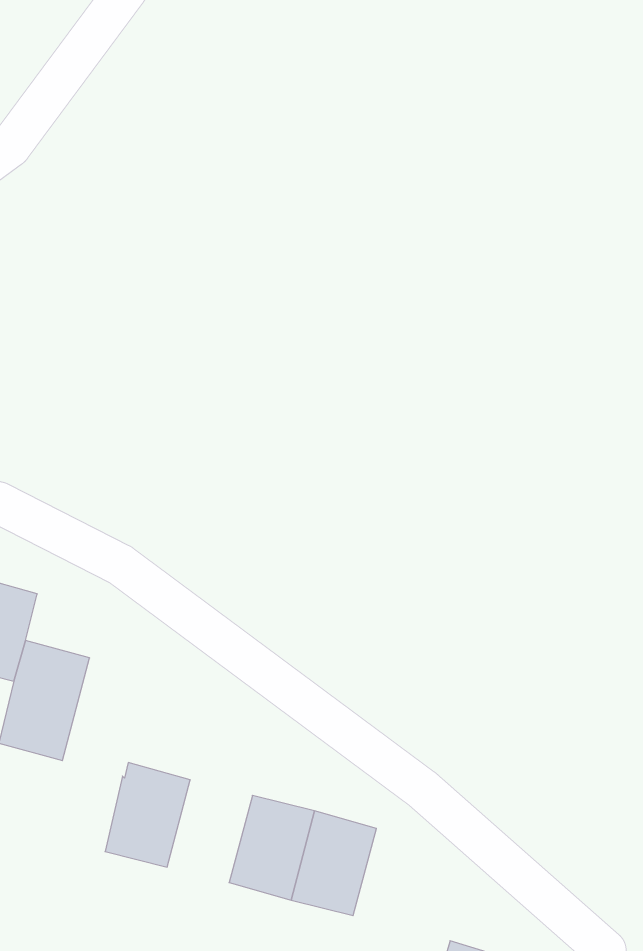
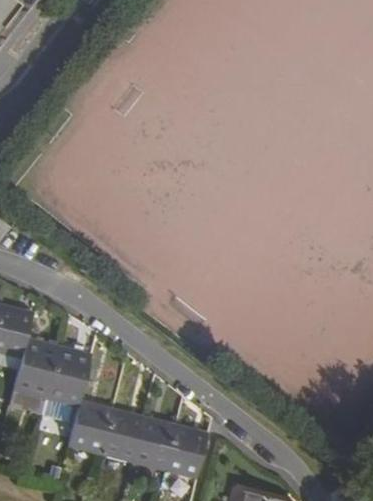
building: none -> [44,345,89,407]
building: none -> [98,408,142,461]

